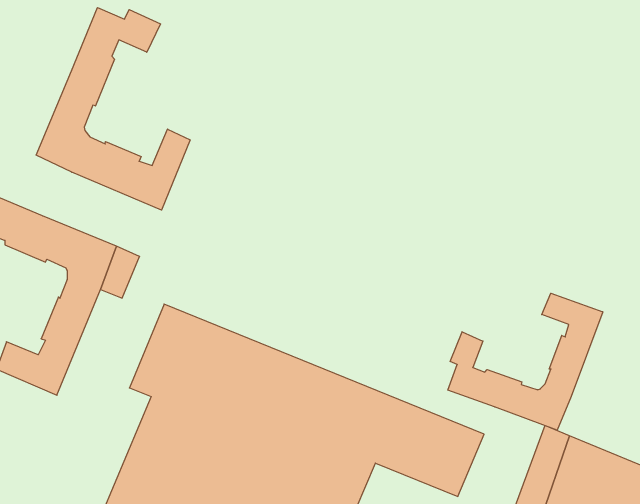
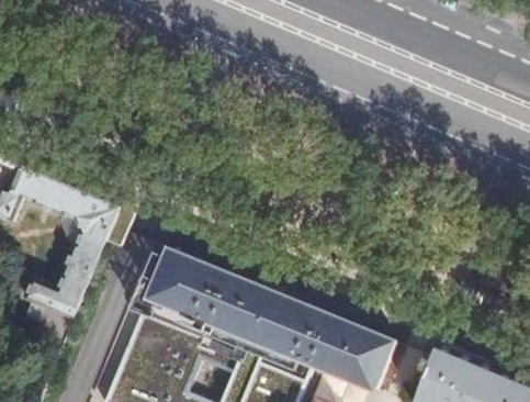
building: [36,8,190,210] -> none
building: [448,293,603,430] -> none

